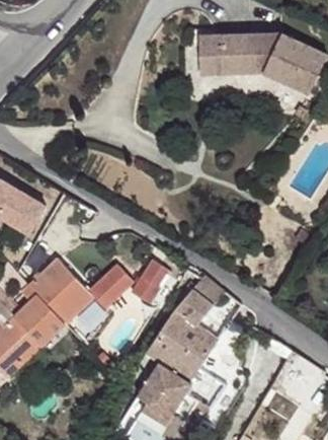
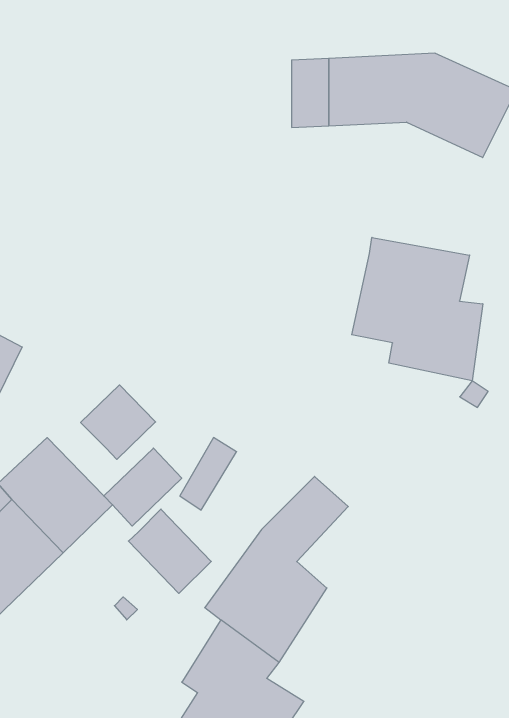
building: none -> [352,237,483,381]
building: none -> [81,385,156,459]
building: none -> [128,509,211,593]

